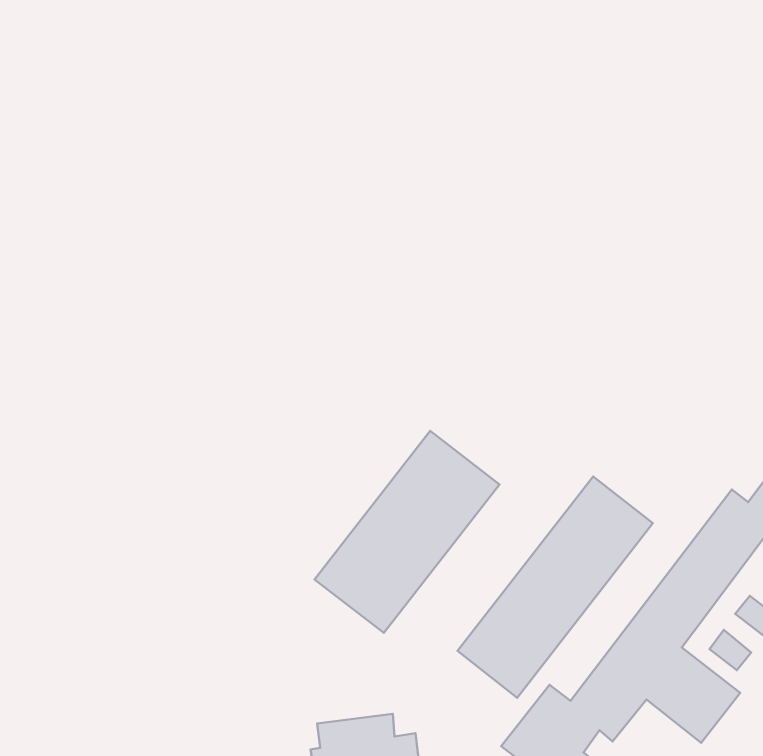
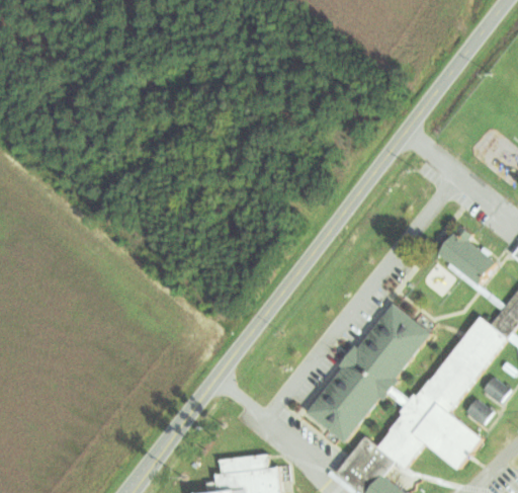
building: none -> [438,234,492,282]
building: [315,431,499,633] -> none

